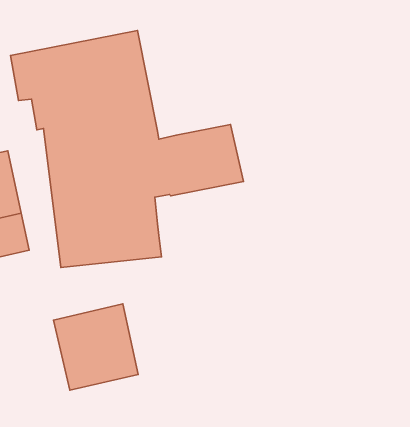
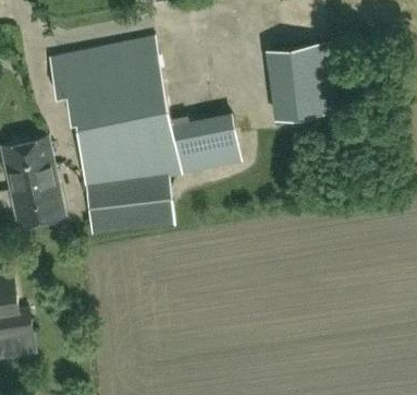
building: none -> [266,46,336,120]
building: [53,304,138,390] -> none

